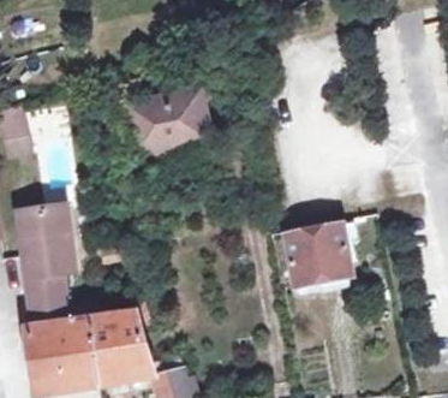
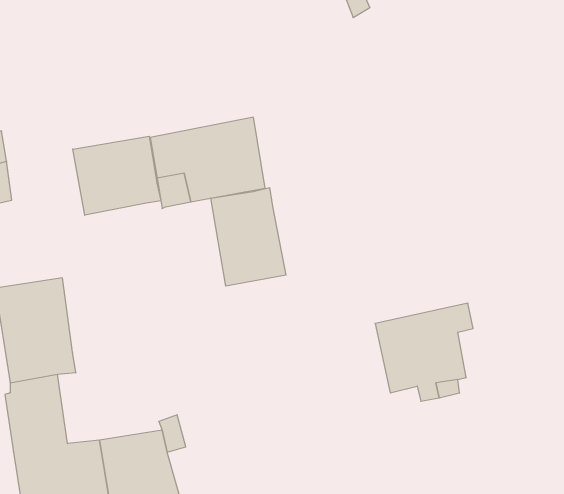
building: none -> [73,136,161,215]
building: none -> [211,188,286,286]

